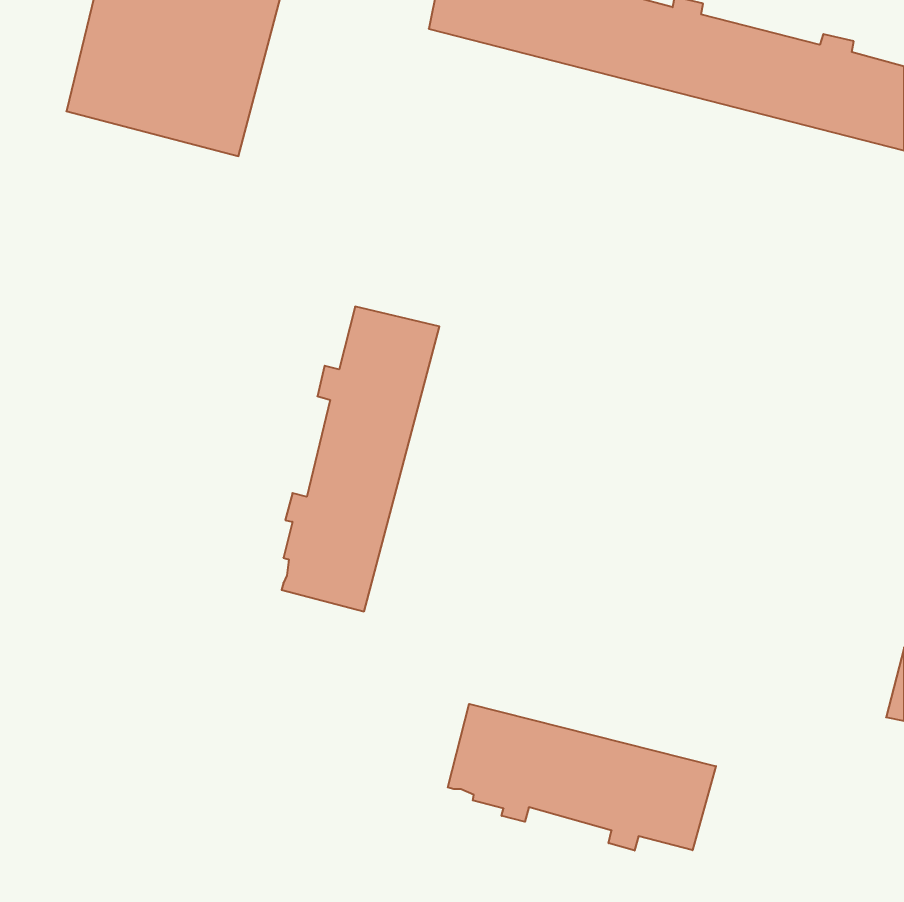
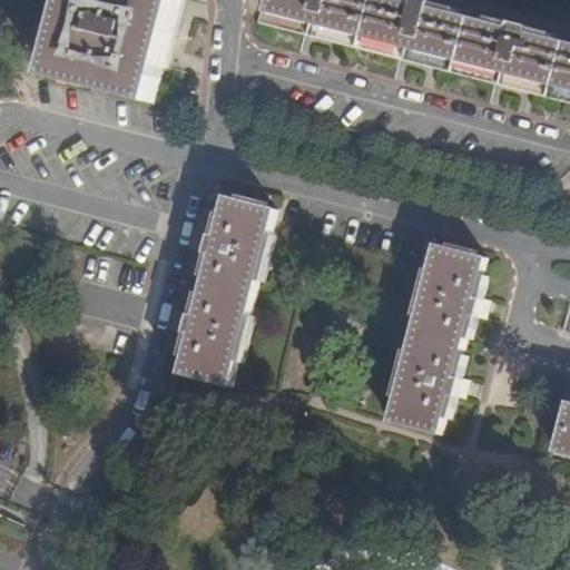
building: none -> [385,238,482,429]
building: [448,704,716,851] -> none

